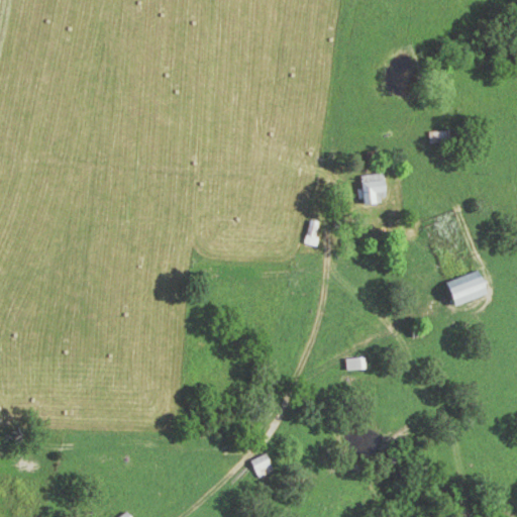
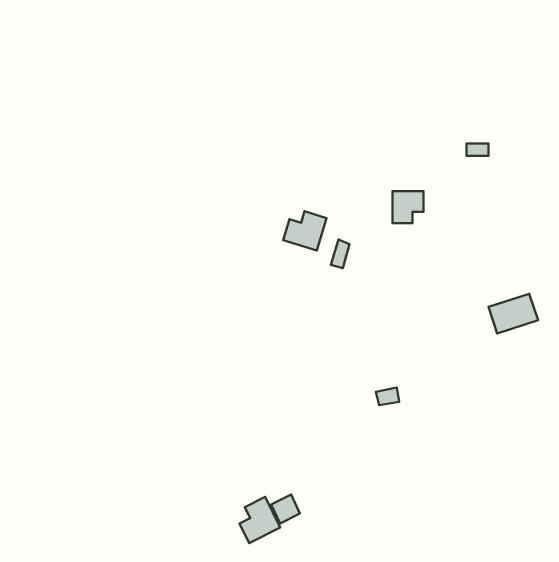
building: none -> [283,211,327,250]
building: none -> [239,497,280,543]

